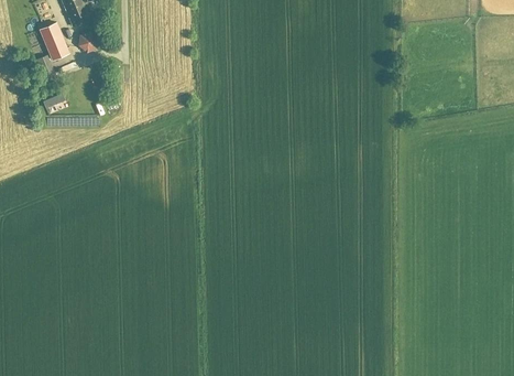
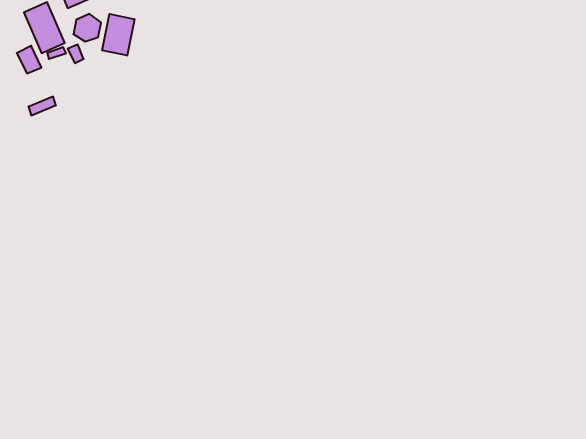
building: none -> [102,14,134,56]

